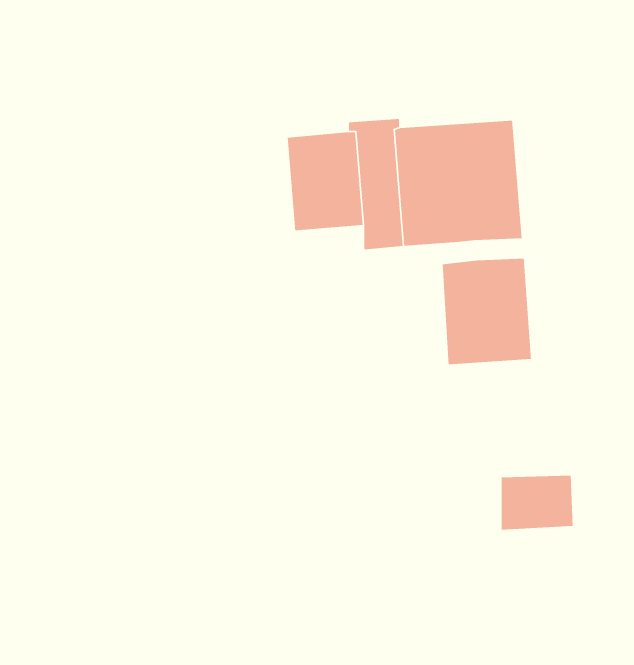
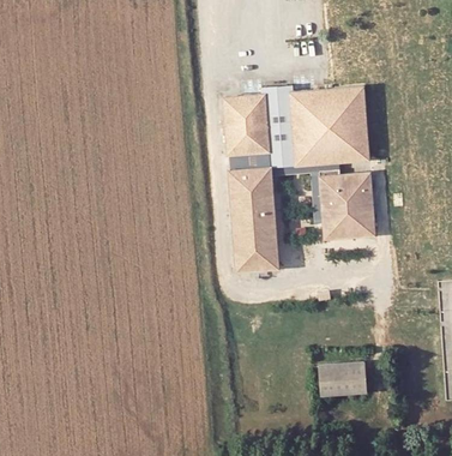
building: none -> [228,167,279,272]
building: [501,475,574,530] -> [315,361,361,396]

